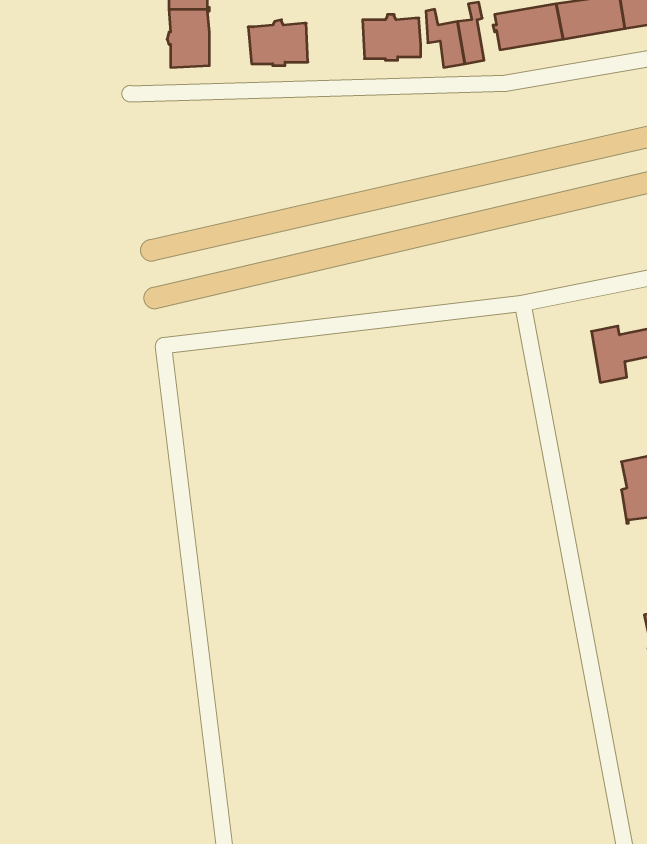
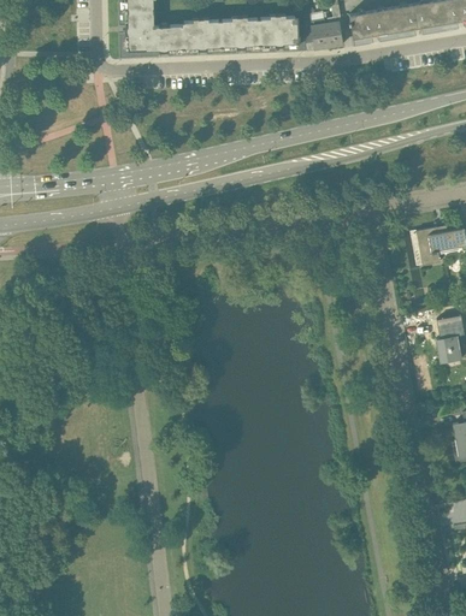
building: none -> [220,17,260,48]
building: none -> [154,23,183,52]

